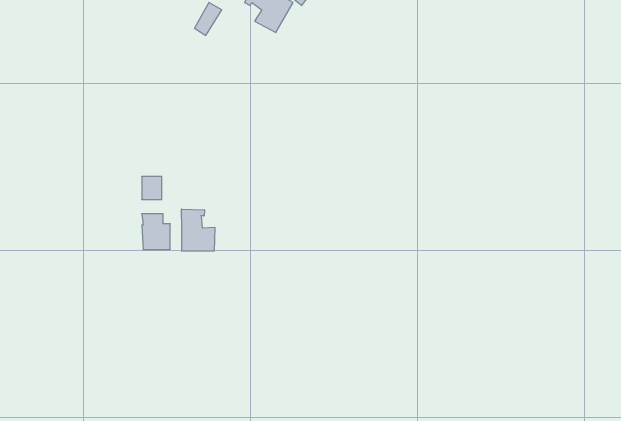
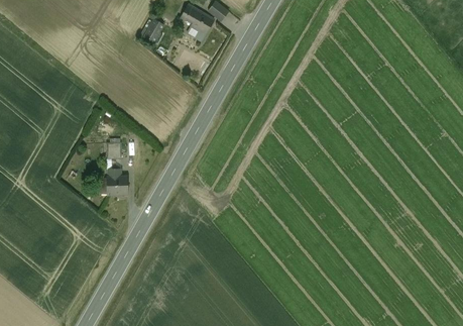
building: [182,209,215,251] -> none

